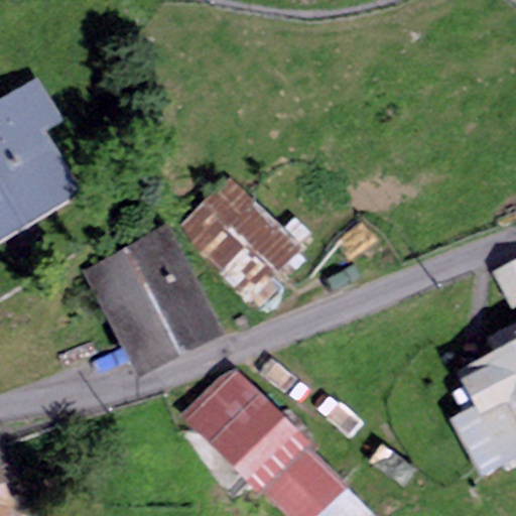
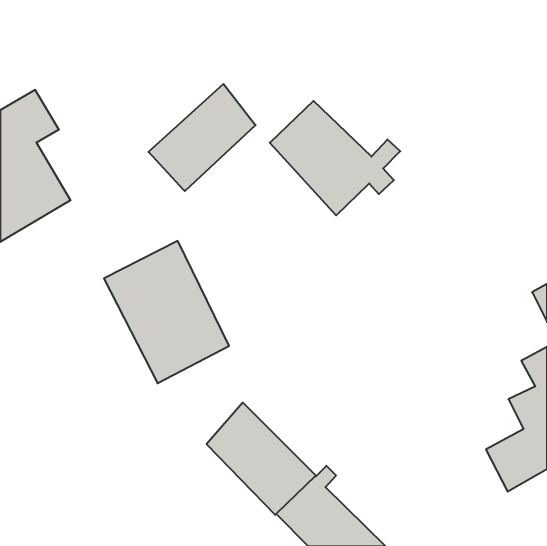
building: none -> [148,84,256,191]
building: [184,185,307,293] -> [270,101,400,215]

